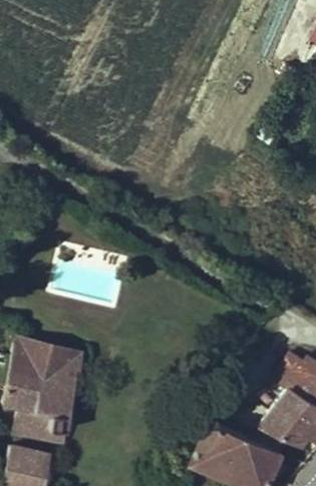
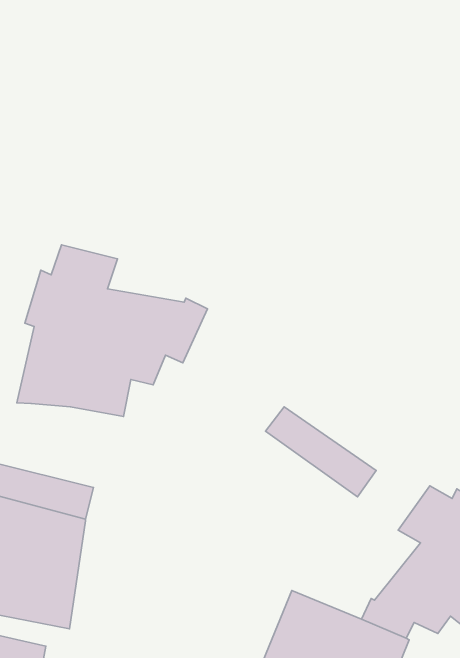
building: none -> [17,245,207,416]
building: none -> [266,407,376,497]

